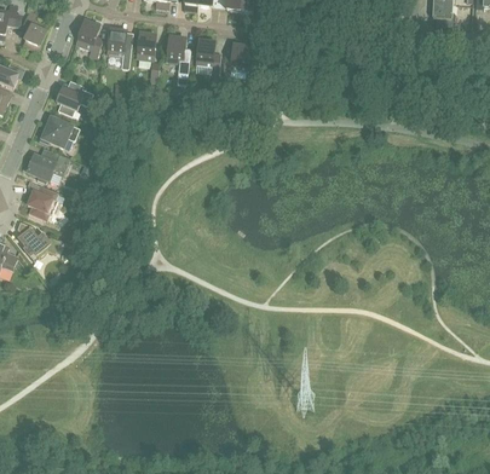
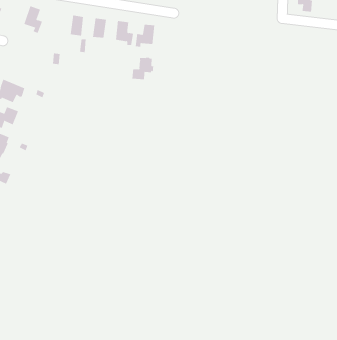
building: [106,28,129,67] -> none
building: none -> [132,57,154,80]
building: [54,87,92,115] -> none

